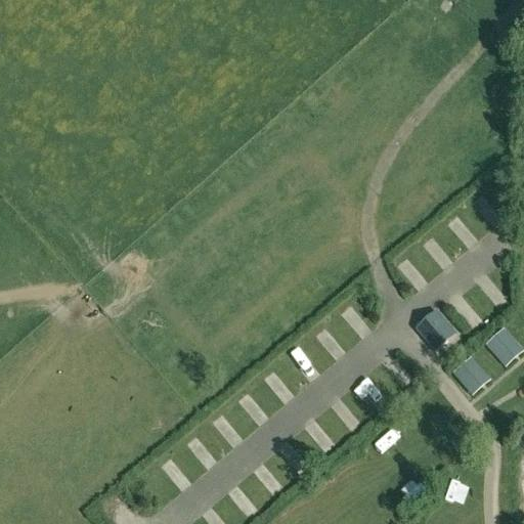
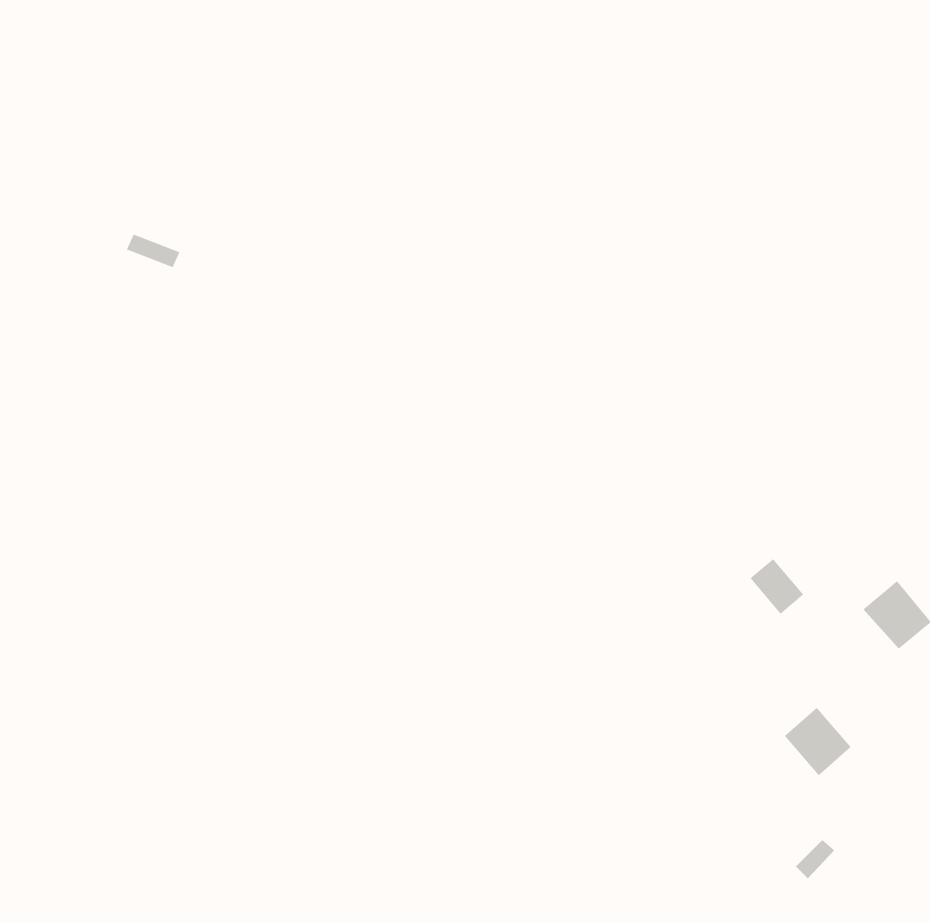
building: [452,355,490,394] -> [784,707,851,776]

